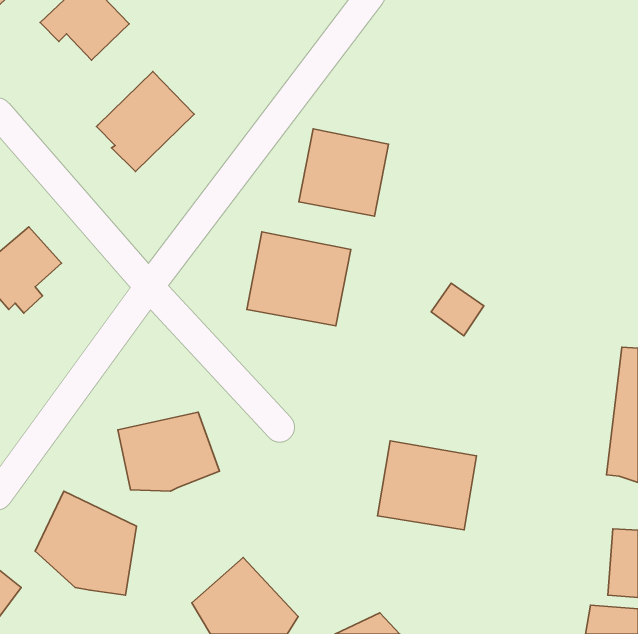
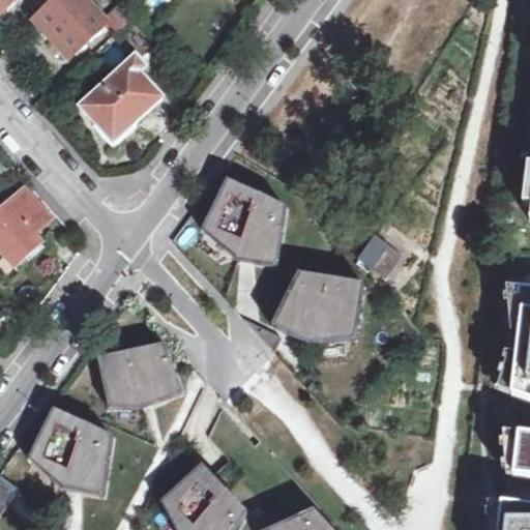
building: [299,129,388,216] -> none
building: [378,441,477,530] -> [281,278,362,352]

